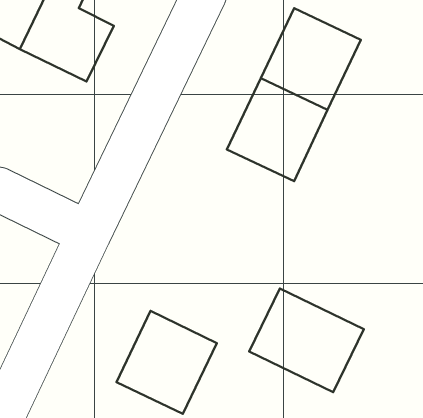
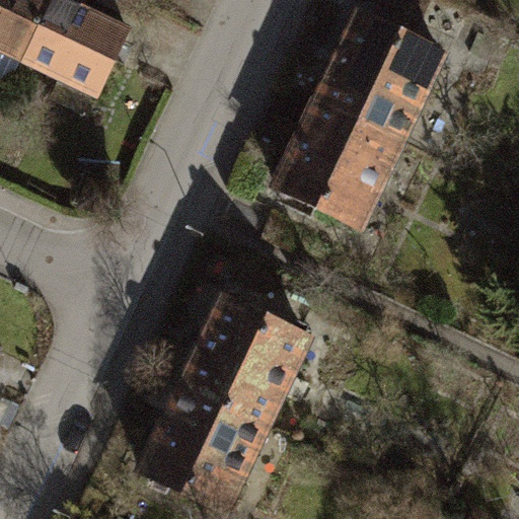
building: none -> [183,294,306,419]
building: [249,289,364,392] -> none

